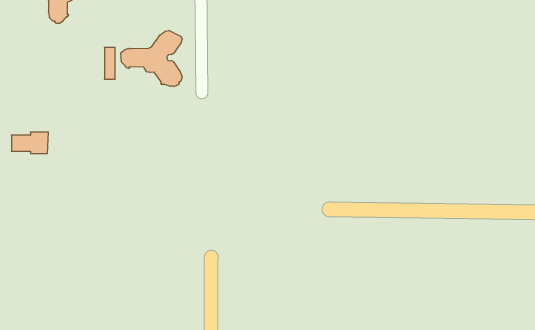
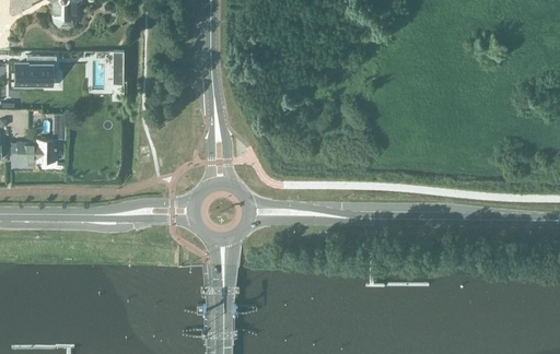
building: [121,30,182,87] -> none
building: none -> [14,56,55,84]

